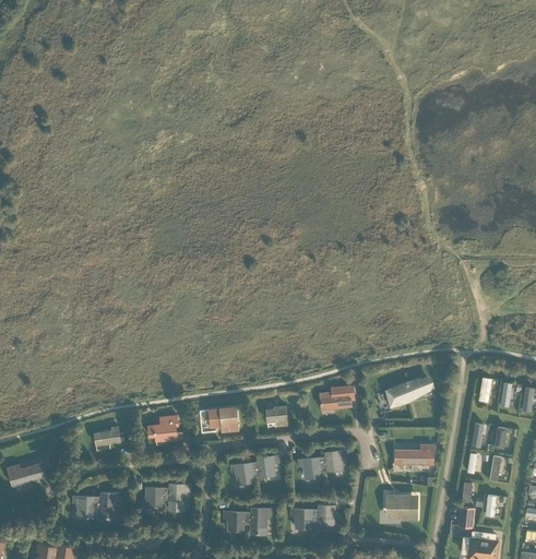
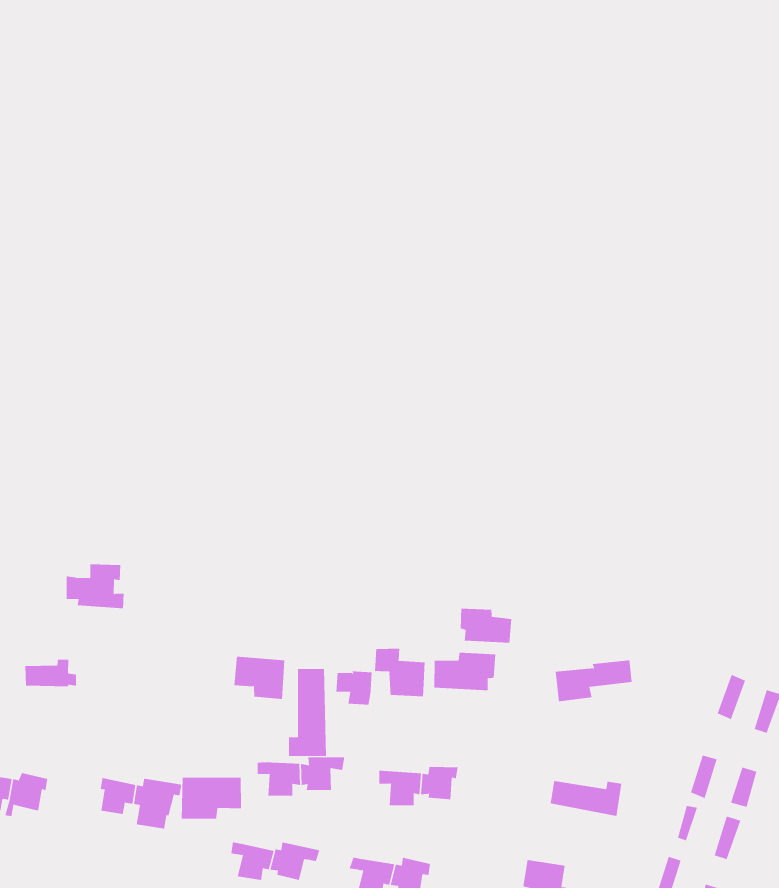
building: none -> [460,608,512,643]
building: none -> [375,648,425,697]
building: none -> [288,668,326,757]
building: [146,414,181,440] -> [66,564,125,609]
building: none -> [181,777,242,820]

